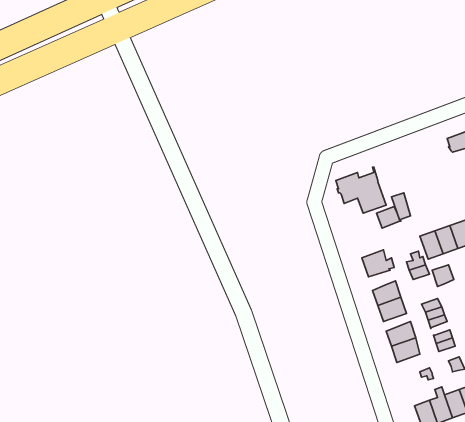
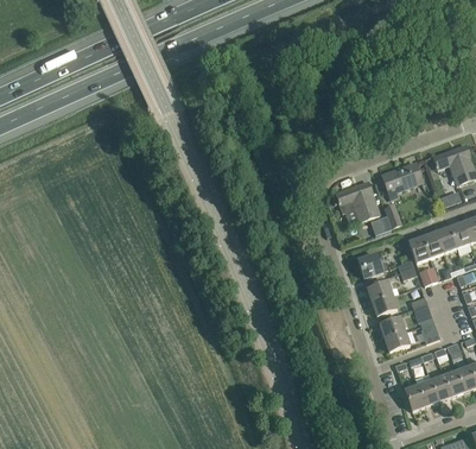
building: none -> [382,162,423,198]

